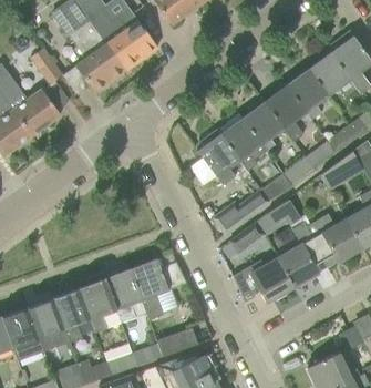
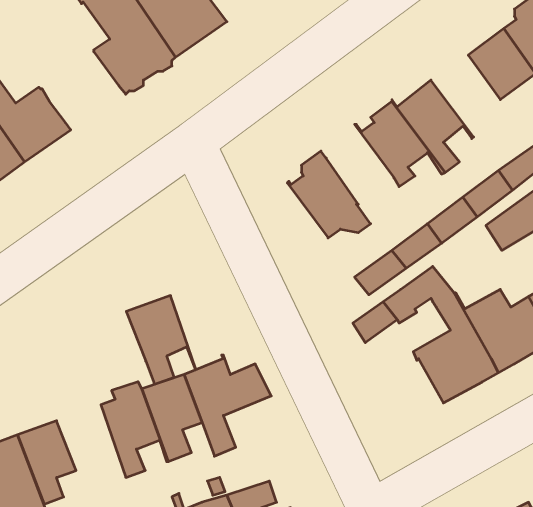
building: [30,48,64,85] -> none
building: [286,69,329,120] -> none
building: [220,112,266,170] -> none
building: [233,258,293,302] -> none
building: [52,287,95,343] -> [126,296,195,384]

